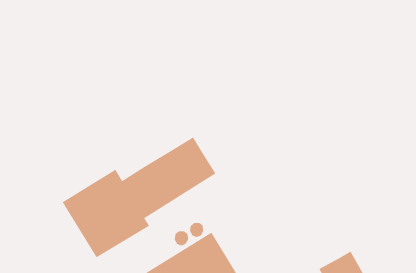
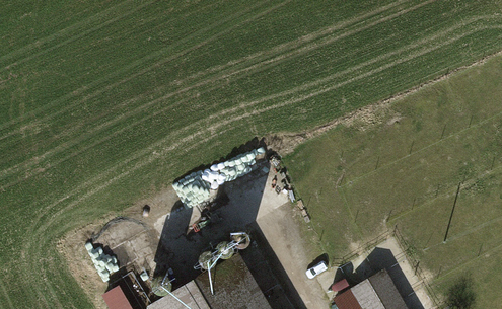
building: [62,137,216,258] -> none

